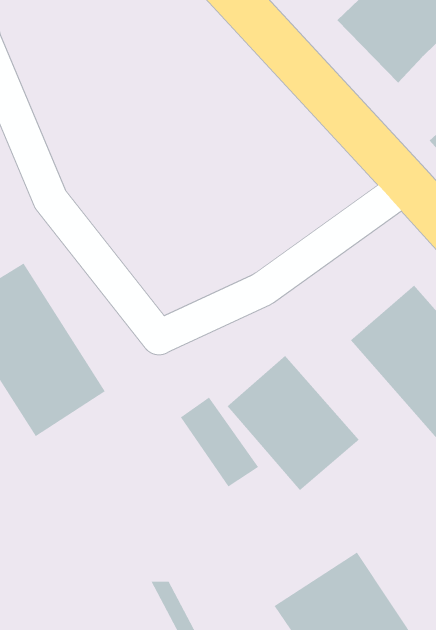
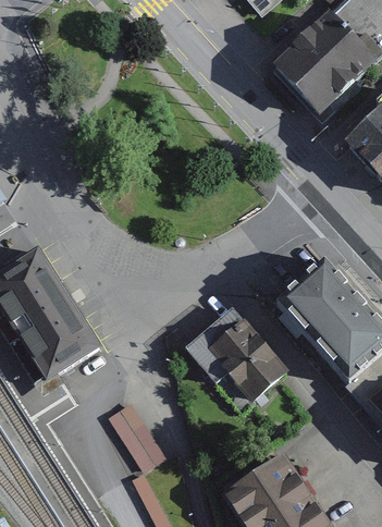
building: [180,397,259,488] -> [109,403,168,470]

